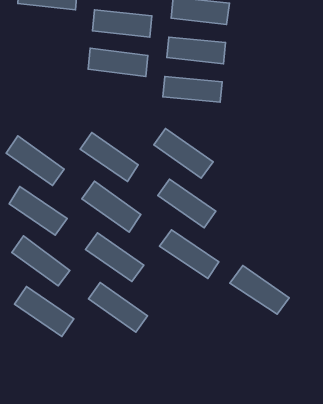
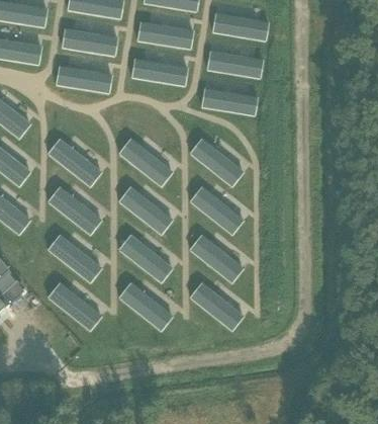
building: none -> [62,27,118,56]
building: none -> [56,65,113,94]
building: [230,265,289,314] -> [189,282,245,331]

